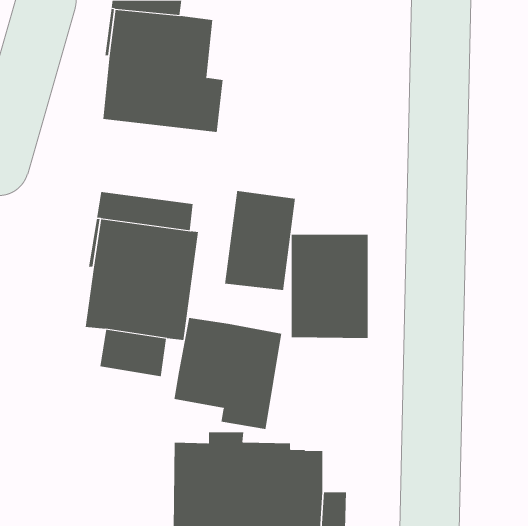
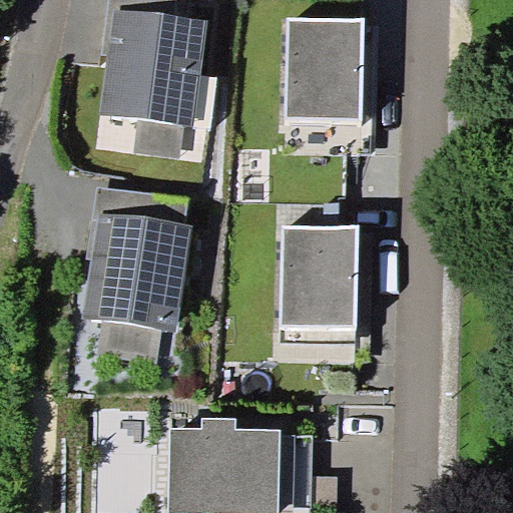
building: none -> [285,20,364,123]
building: [225,190,296,291] -> none
building: [174,317,282,430] -> none

